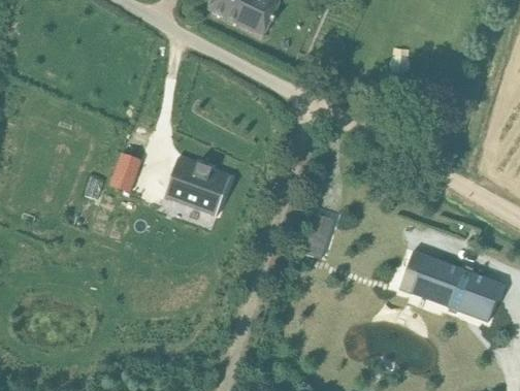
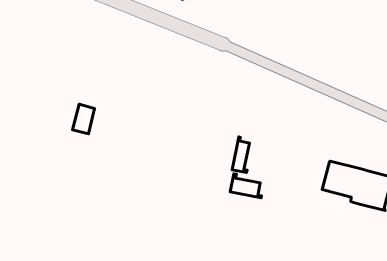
building: [163,157,231,217] -> none
building: none -> [230,174,261,198]

